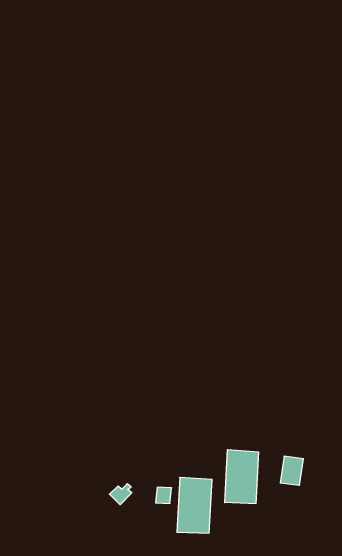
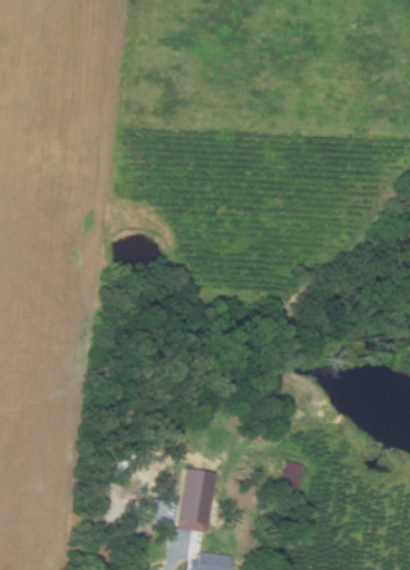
building: [225,450,258,504] -> none

